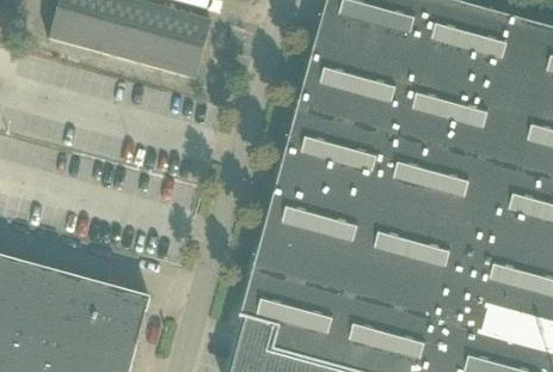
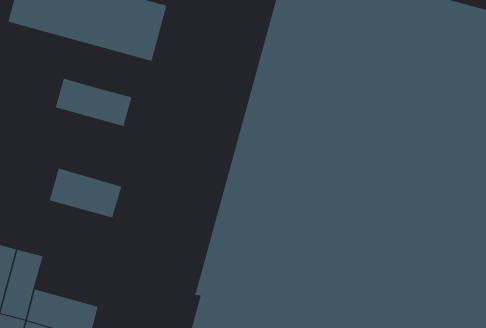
building: none -> [55,78,132,127]
building: [75,276,150,328] -> [49,168,122,218]

